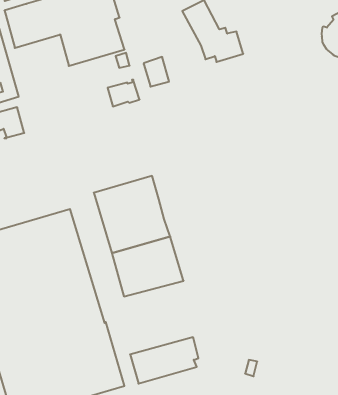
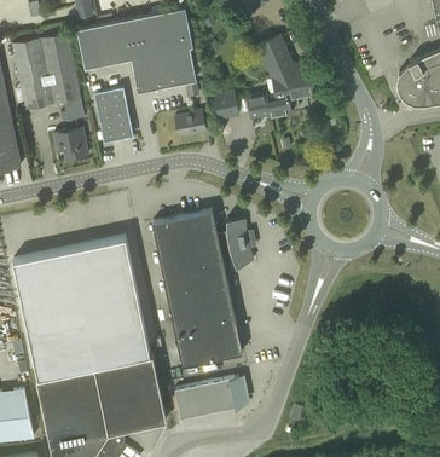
building: none -> [248,94,291,118]
building: none -> [94,88,133,143]
building: none -> [218,220,254,268]
building: none -> [174,319,242,366]

